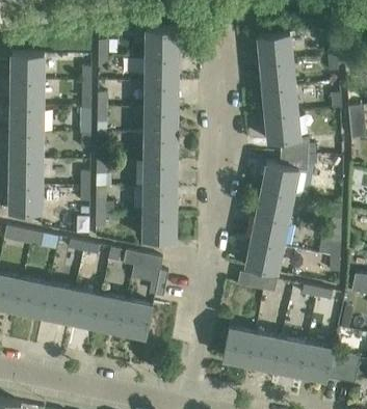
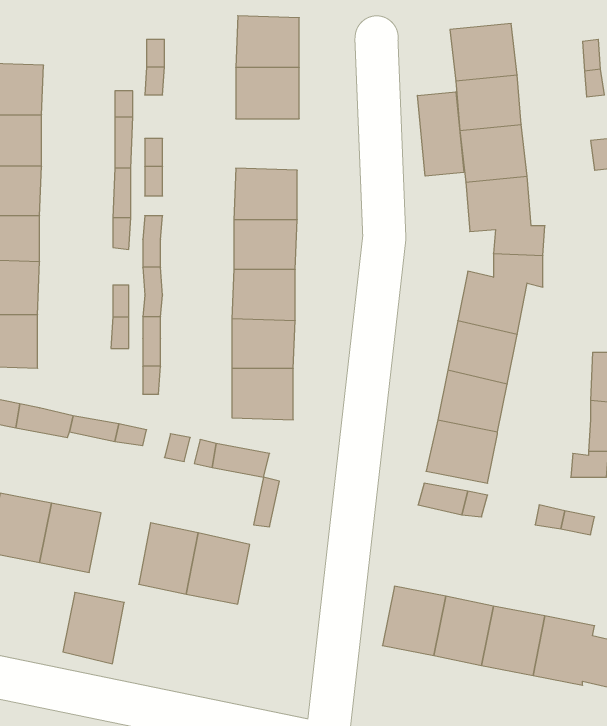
building: none -> [417,92,464,176]
building: [145,83,178,110] -> none
building: [68,290,100,327] -> [63,592,124,664]

